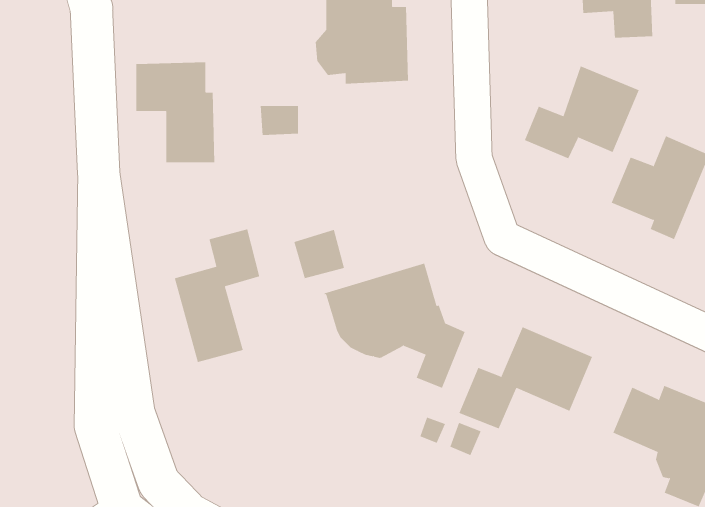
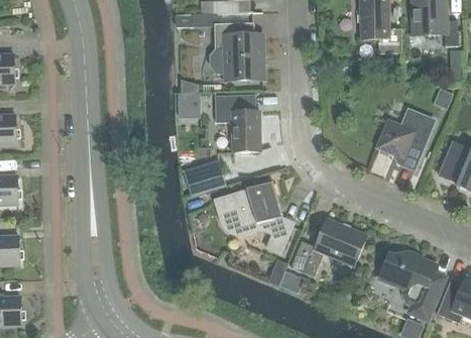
building: [135,62,215,163] -> [215,94,260,151]
building: [524,65,640,159] -> none
building: [174,228,260,363] -> none

